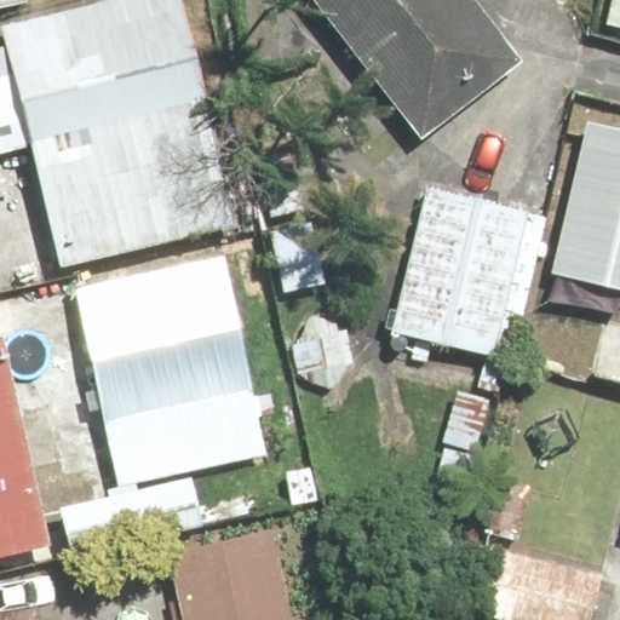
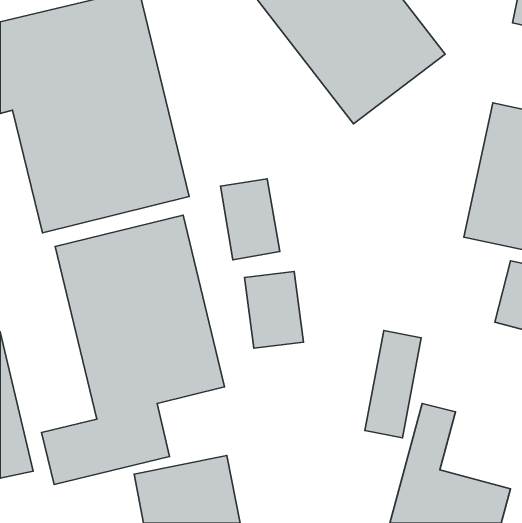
building: [390,178,532,357] -> none

